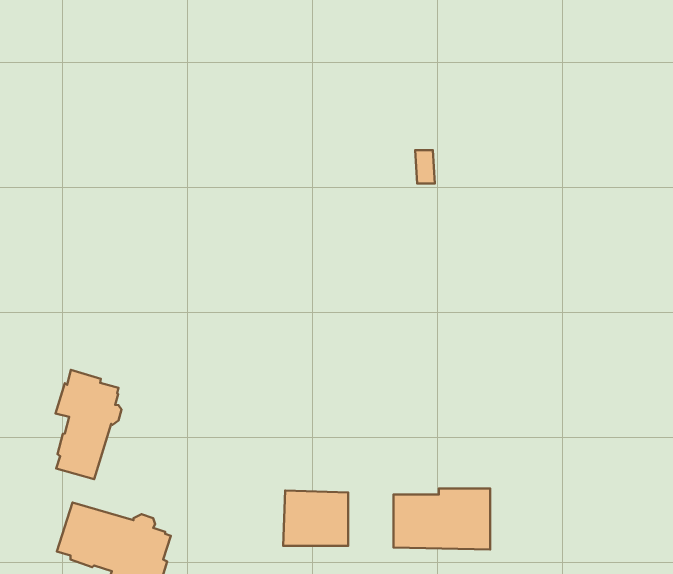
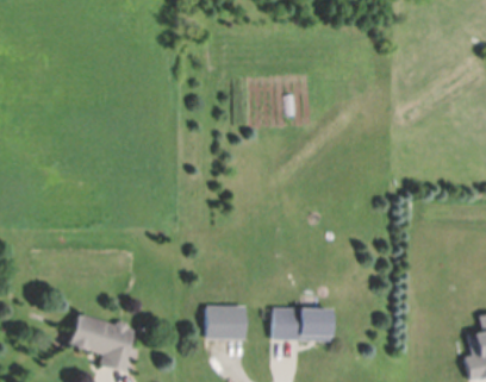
building: [56,370,121,479] -> none

